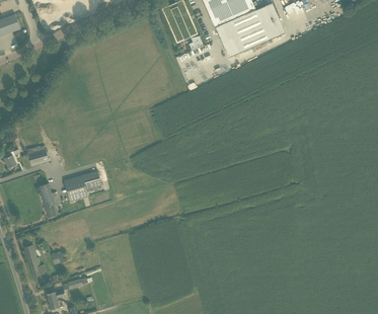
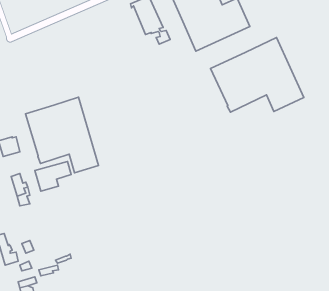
building: none -> [211,37,304,112]
building: none -> [26,97,99,173]

